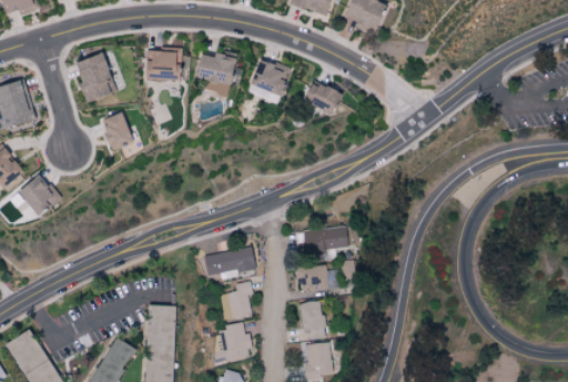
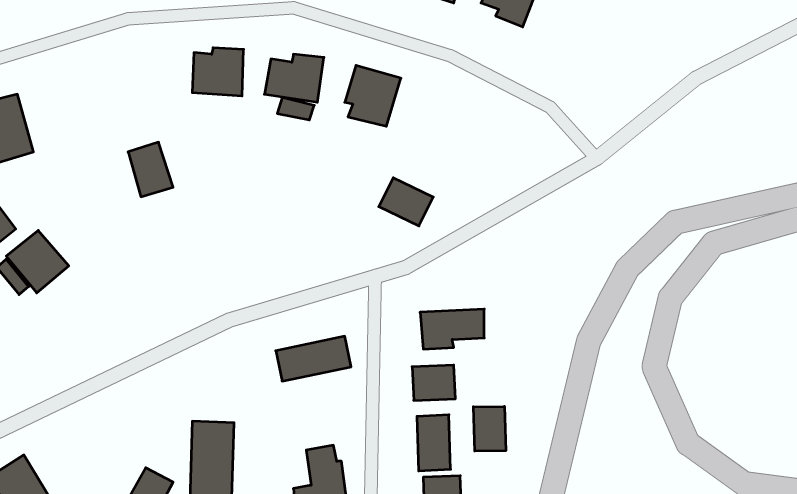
building: [73,53,114,101] -> none
building: [303,81,341,114] -> [379,178,433,226]
building: [221,281,256,320] -> none
building: none -> [473,406,506,451]

